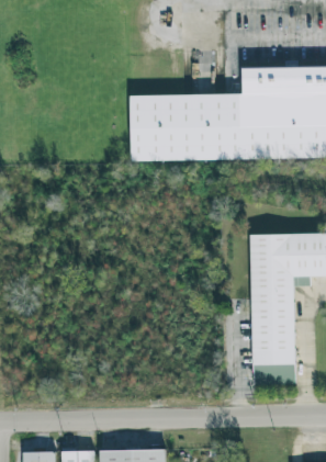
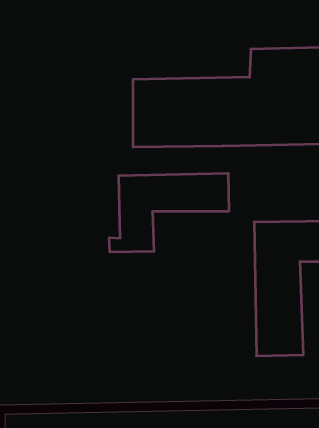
building: none -> [109,173,229,252]

